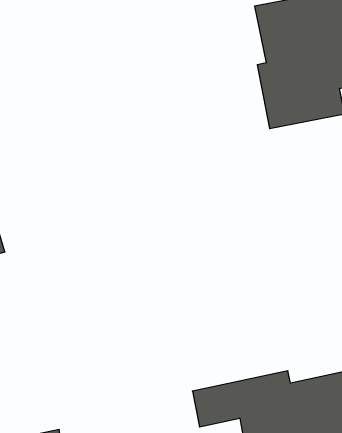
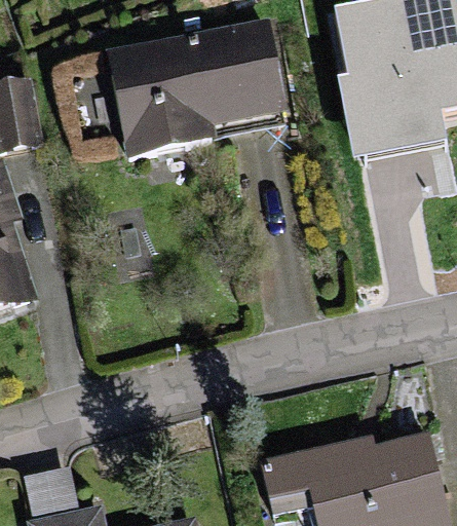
building: none -> [102,22,271,148]

